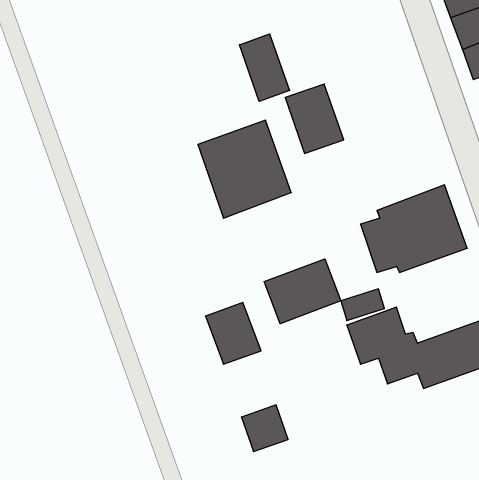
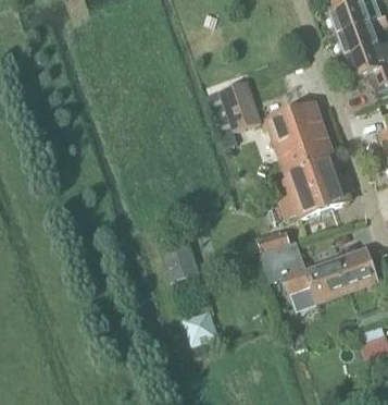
building: [239,34,290,101] -> none
building: [198,120,291,218] -> [265,101,333,172]
building: [264,259,341,324] -> none

